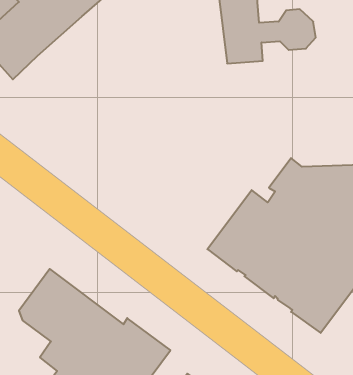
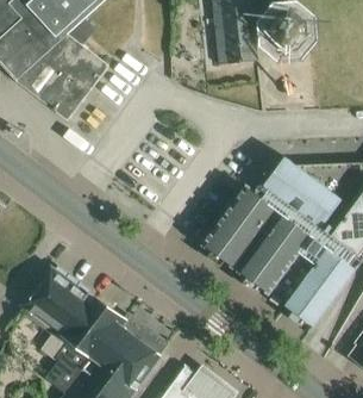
building: none -> [15,20,108,120]

